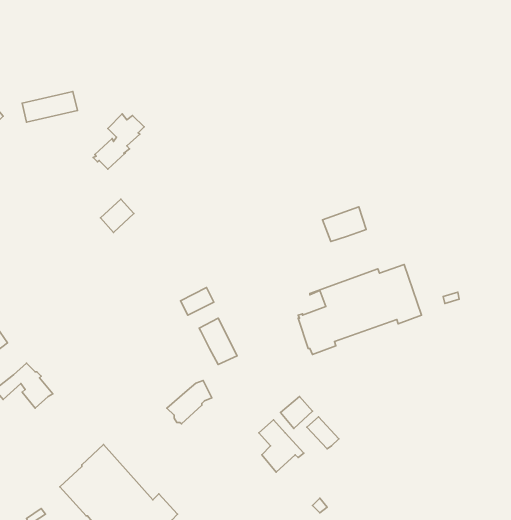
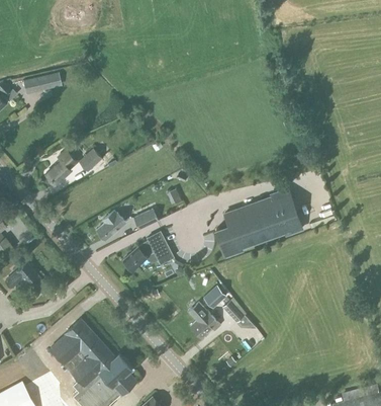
building: [93,114,144,169] -> [44,145,80,183]
building: [322,207,366,241] -> none
building: none -> [96,211,125,239]
building: [167,380,212,424] -> [122,240,154,270]

